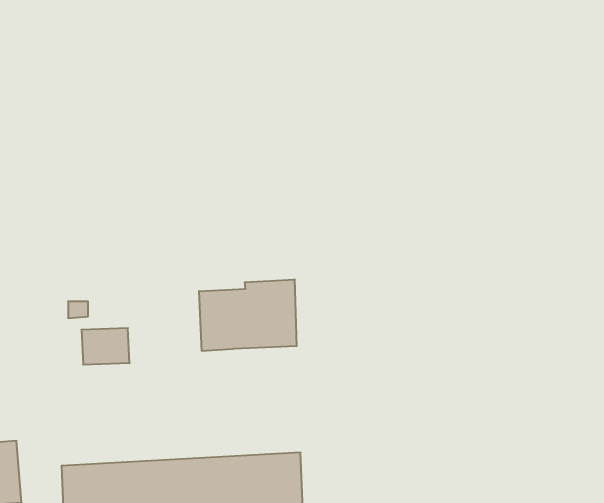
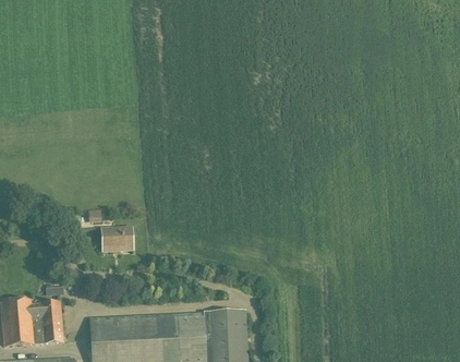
building: [199,279,297,351] -> none

